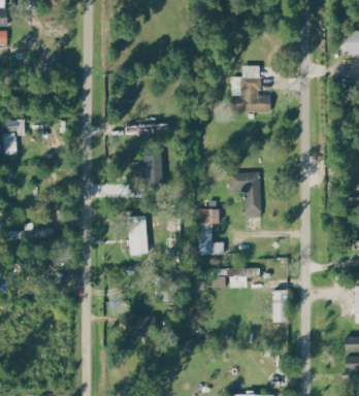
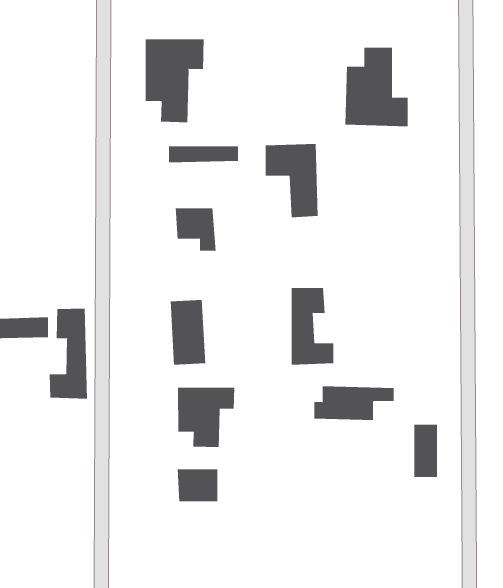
building: none -> [145,38,204,123]
building: [230,171,262,216] -> [265,143,318,218]
building: none -> [49,308,87,399]
building: none -> [178,387,235,448]

